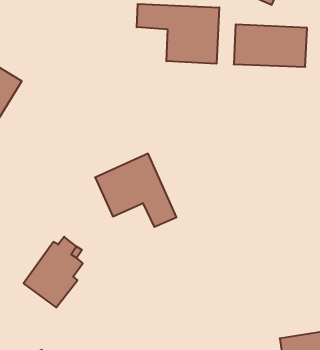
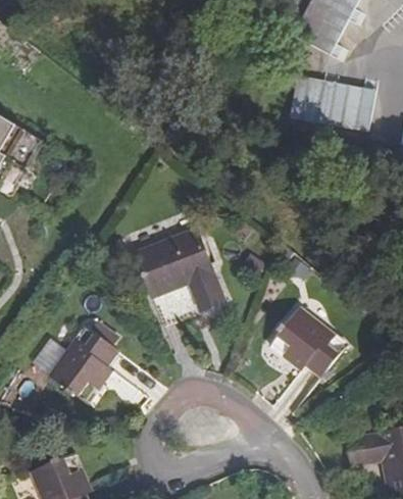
building: [137,4,219,64] -> none
building: none -> [267,311,345,379]

